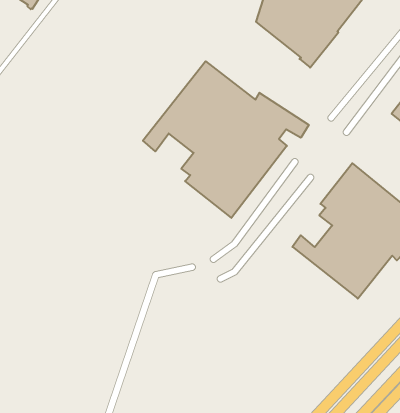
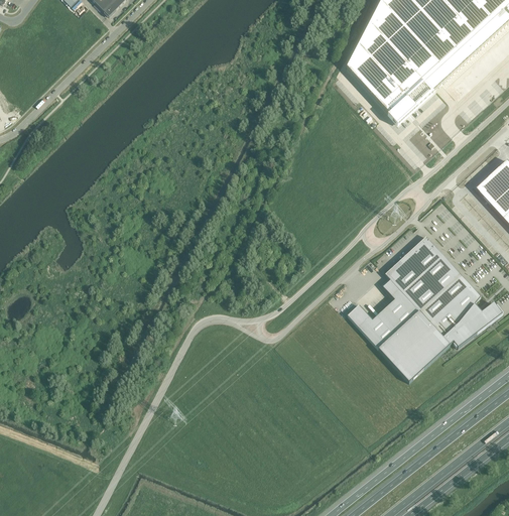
building: [143,61,309,218] -> none

